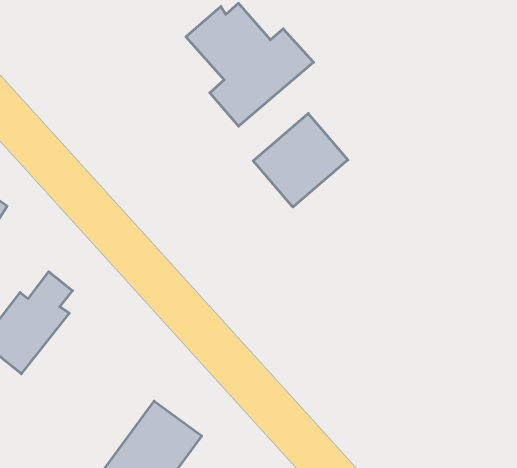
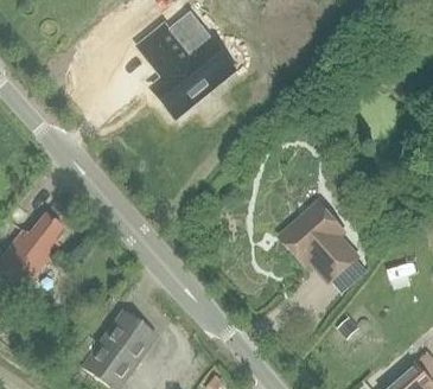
building: [253,113,348,207] -> none
building: none -> [280,199,358,275]

